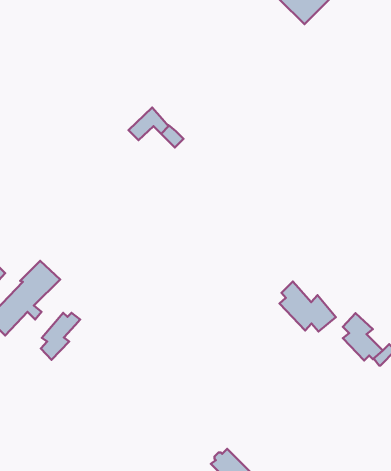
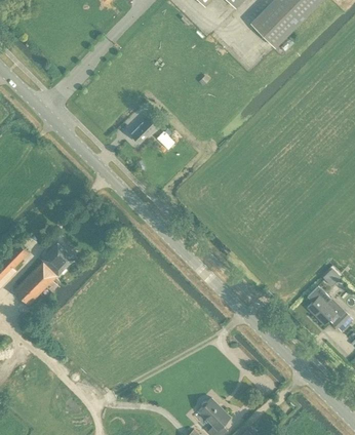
building: [279,282,336,331] -> none
building: [41,313,80,360] -> none

